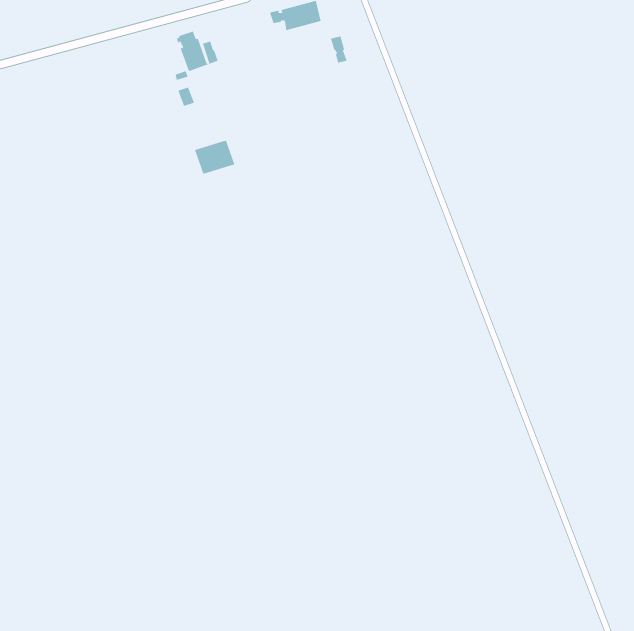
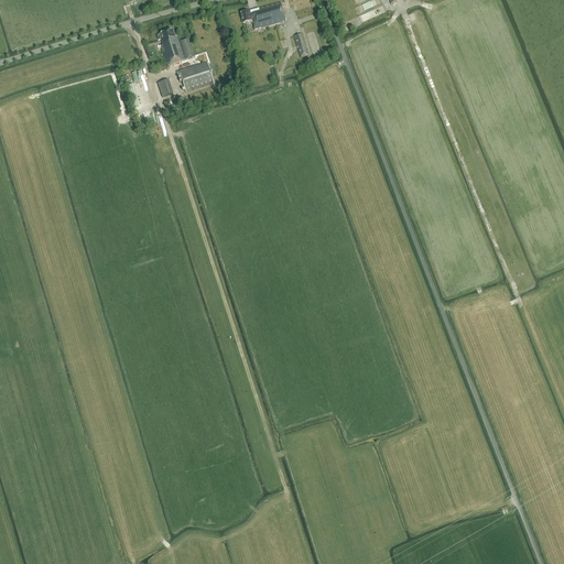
building: [194,140,235,175] -> [178,61,215,91]

